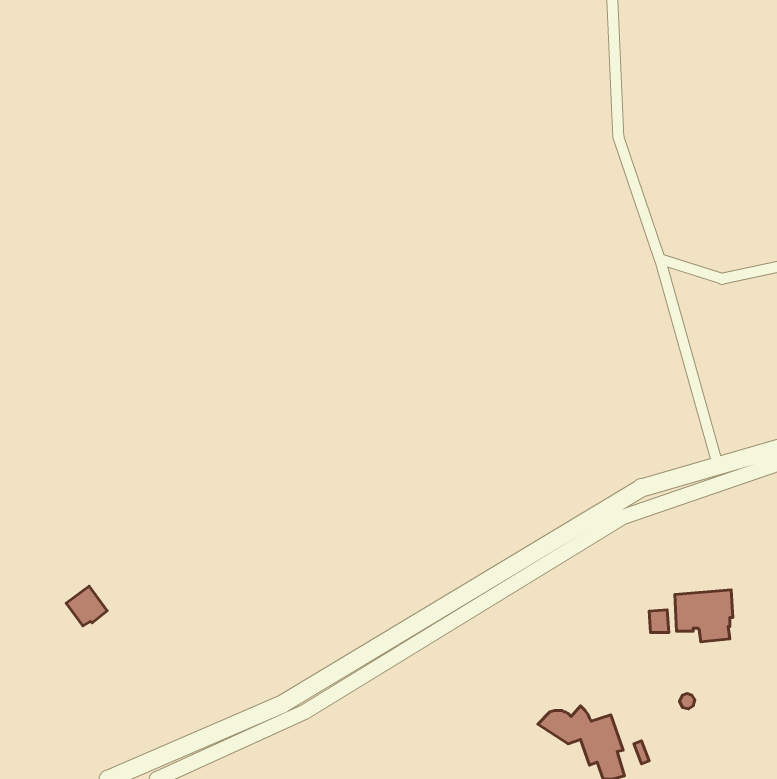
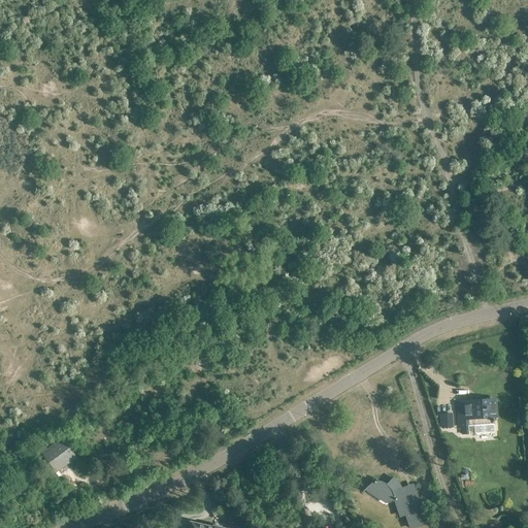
building: [66,586,107,626] -> [45,440,73,467]

